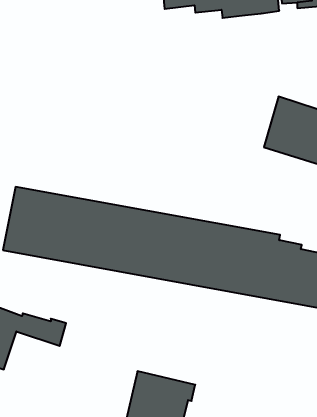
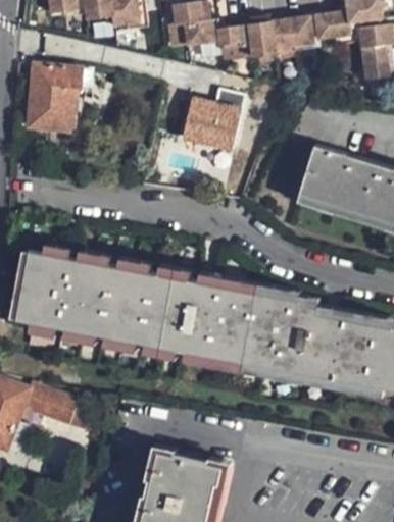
building: none -> [29,62,83,127]
building: none -> [179,91,243,152]

